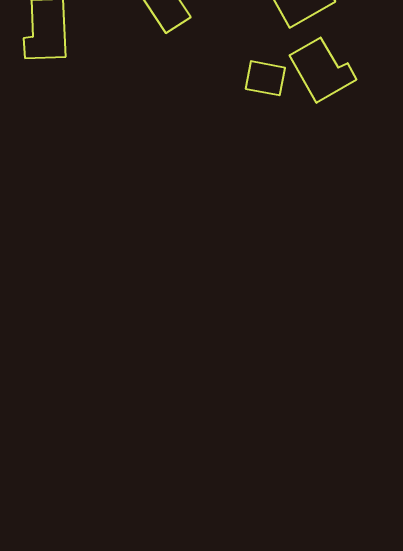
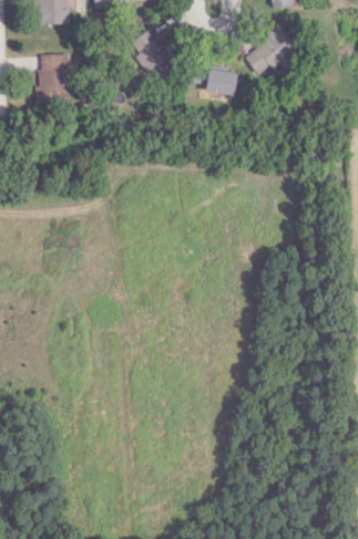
building: [290,37,356,103] -> none
building: [246,61,285,95] -> [205,68,238,96]

